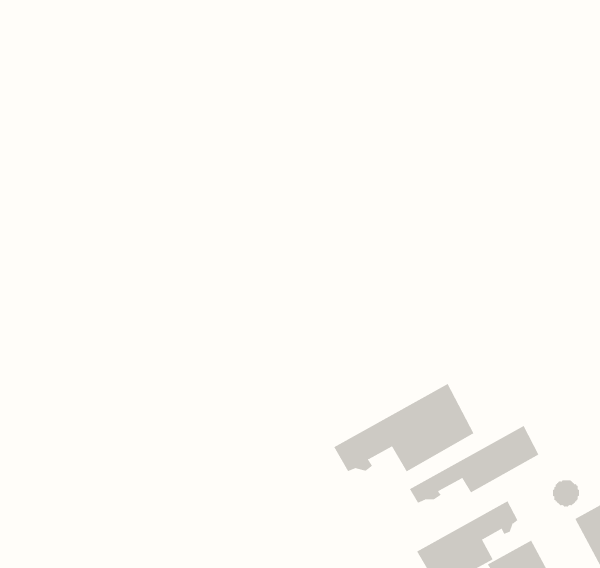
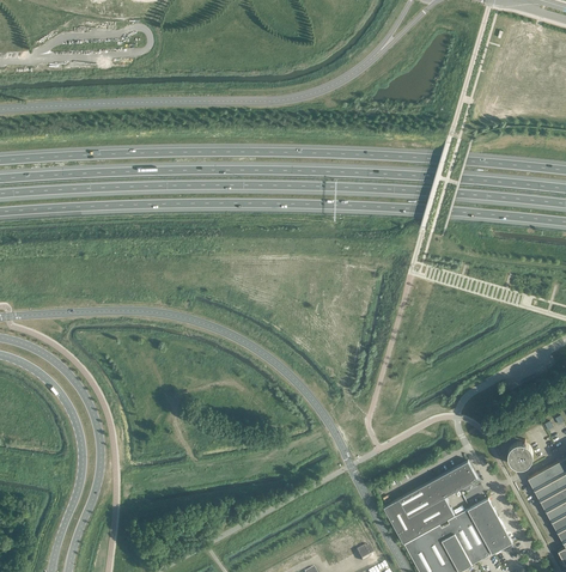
building: [334,383,474,472] -> none
building: [409,425,539,503] -> none

